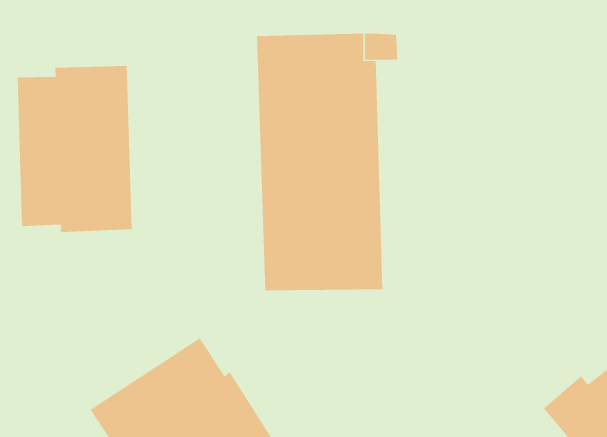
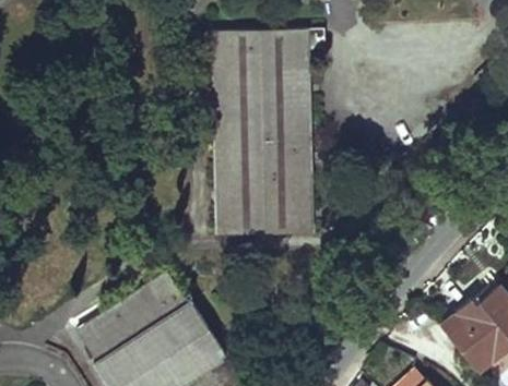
building: [17,65,132,233] -> none

